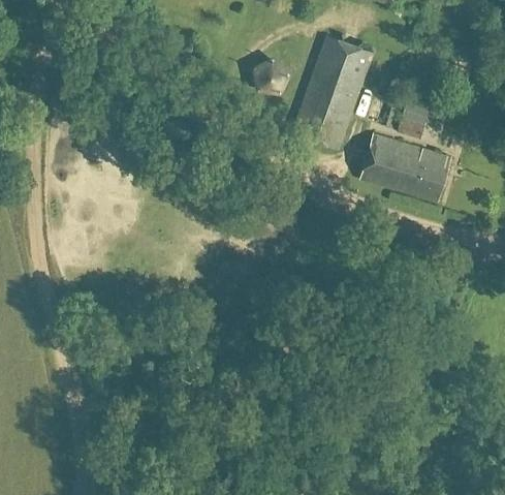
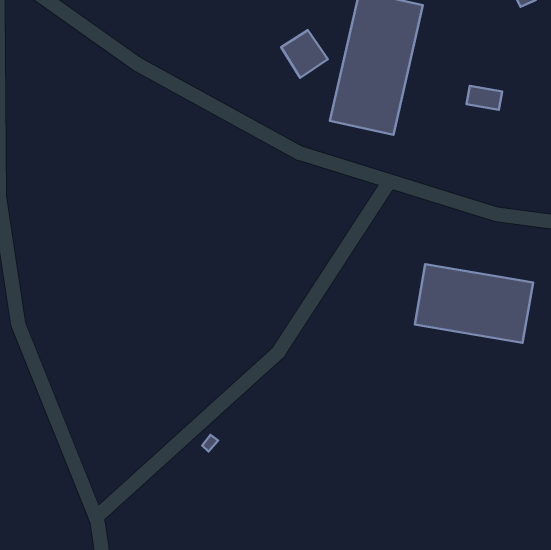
building: [359,132,452,200] -> [415,264,533,343]

